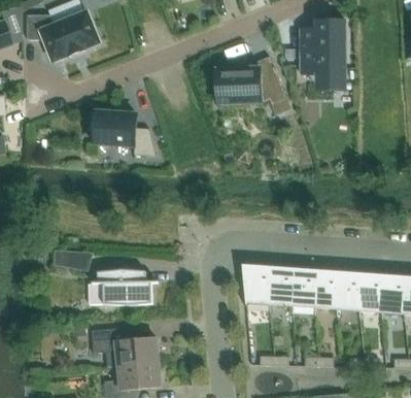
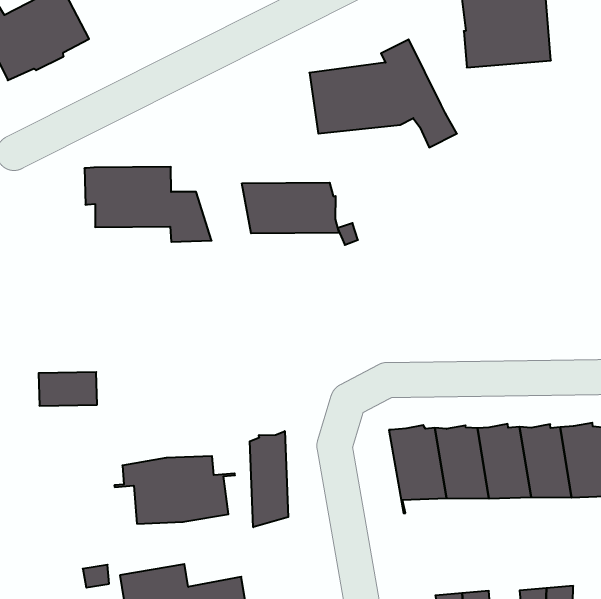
building: none -> [242,183,339,233]
building: [55,251,87,270] -> [39,372,97,406]
building: none -> [250,431,288,527]

